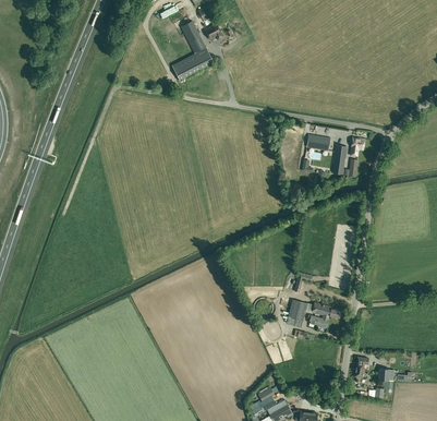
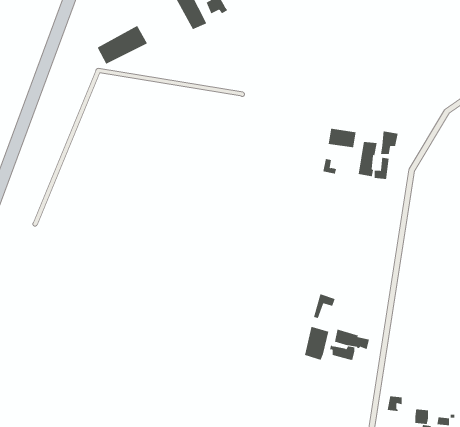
building: [171,47,214,80] -> [97,25,148,64]

